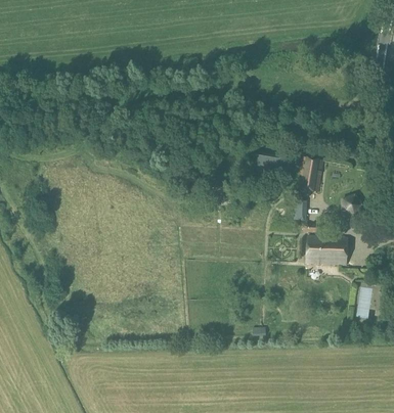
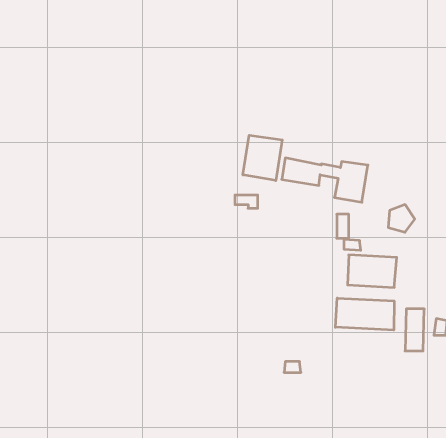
building: none -> [243,135,282,181]
building: none -> [335,298,394,330]

